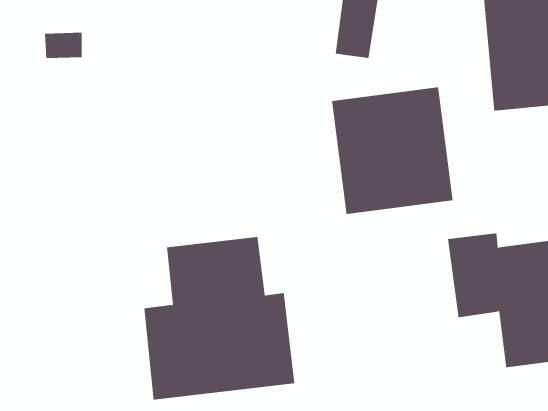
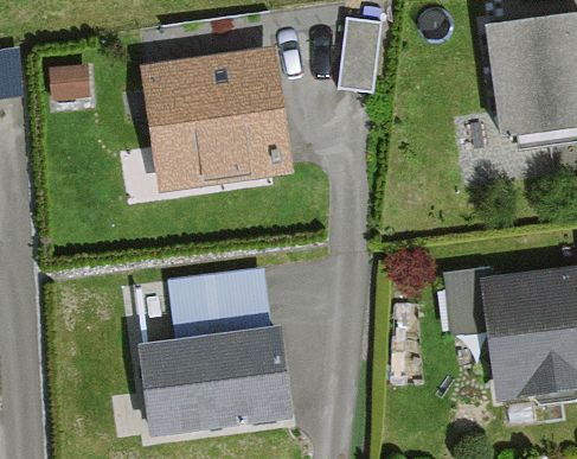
building: none -> [145,47,293,191]
building: [332,87,453,215] -> none

